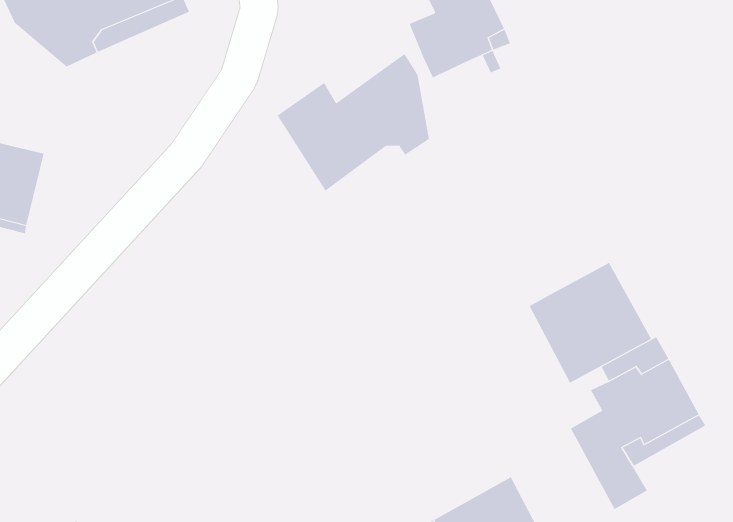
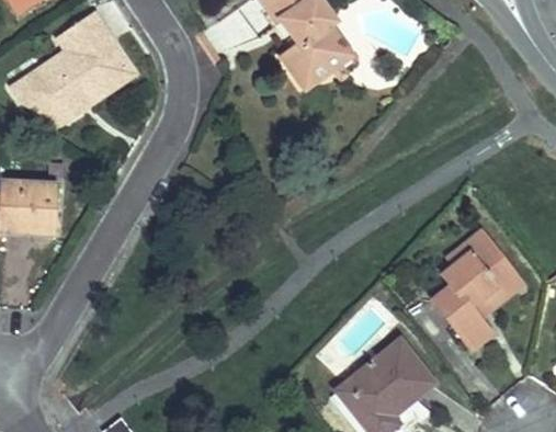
building: [277,53,429,191] -> none
building: [529,262,652,384] -> none

